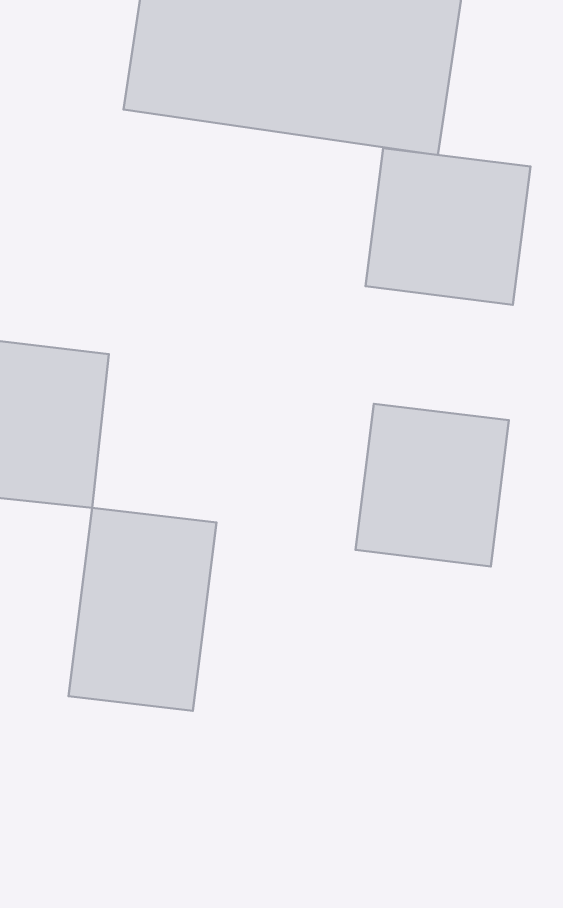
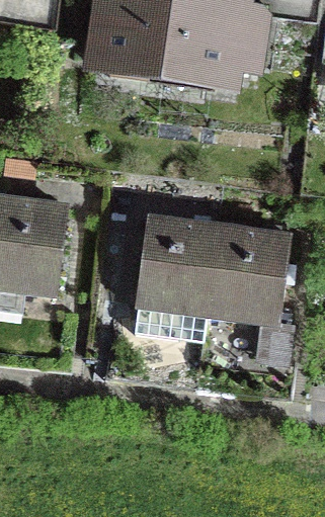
building: [366,148,530,305] -> none
building: [69,508,217,711] -> [136,222,218,334]

